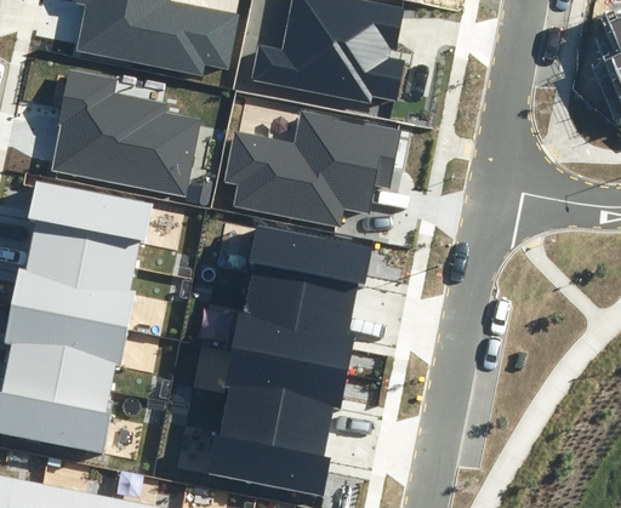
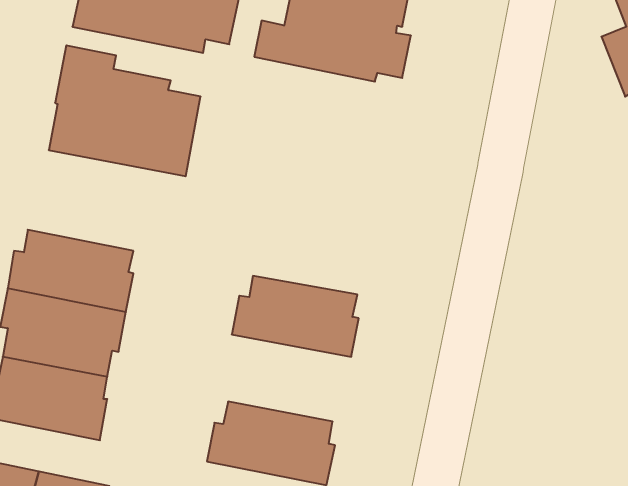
building: [223,110,400,227] -> none
building: [28,182,152,269] -> none
building: [247,226,371,312] -> none
building: [223,350,346,435] -> none

